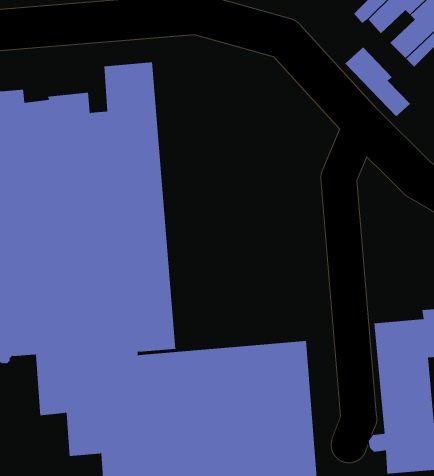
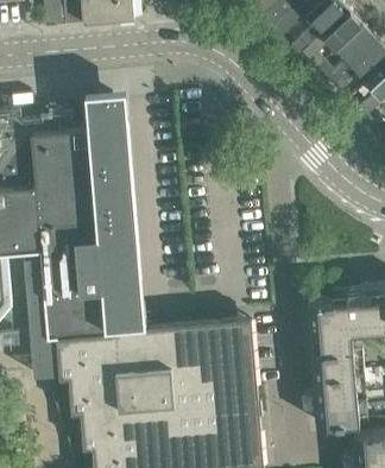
building: [345,47,411,117] -> none

